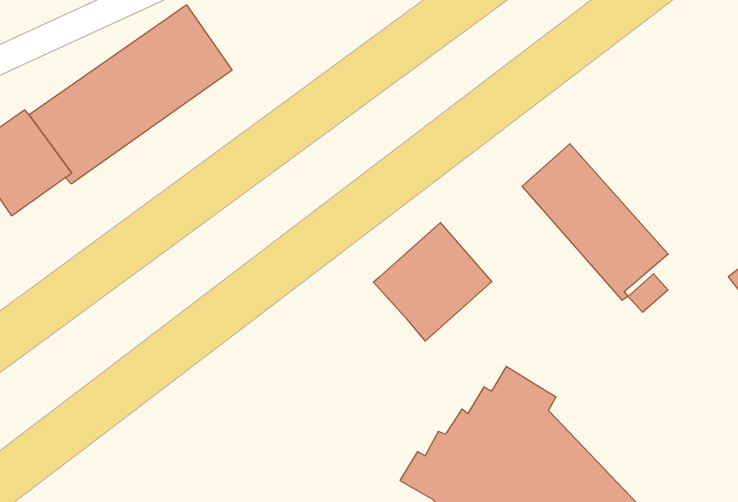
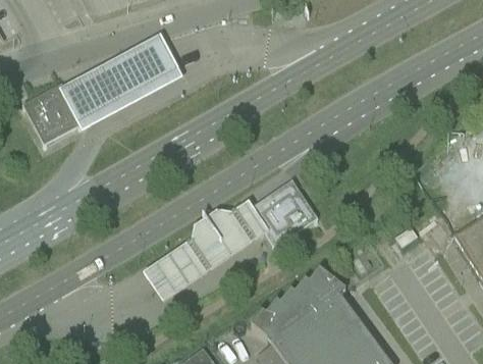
building: [522,144,668,300] -> none
building: none -> [142,201,265,303]

